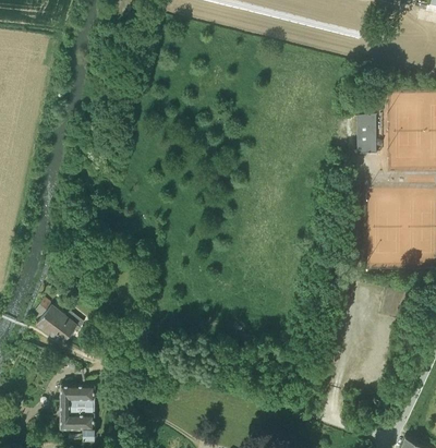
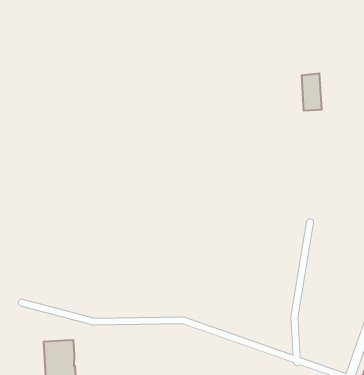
building: [35,300,84,343] -> none

